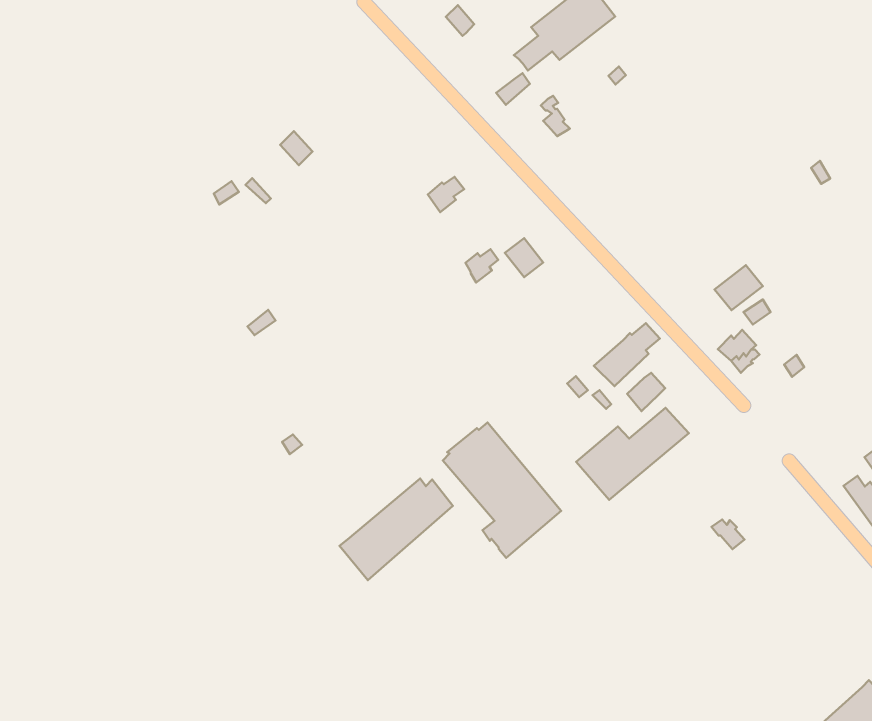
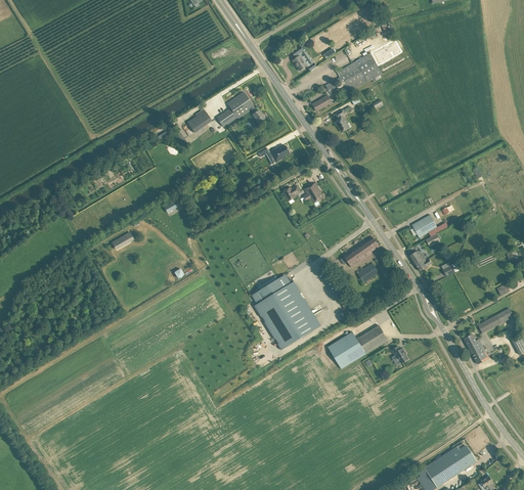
building: none -> [216,91,264,126]
building: [576,408,689,500] -> [326,324,388,368]
building: [339,478,453,580] -> none

